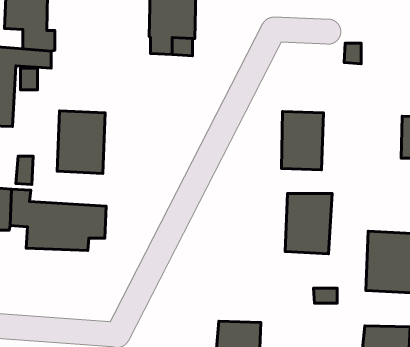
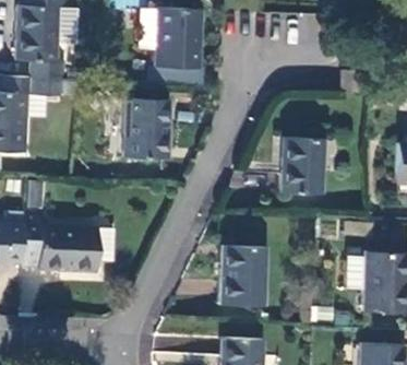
building: [57,111,105,173] -> [123,98,169,158]
building: [285,194,332,254] -> [222,247,266,305]

